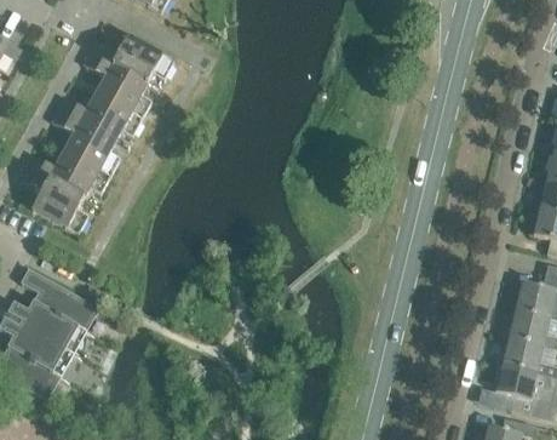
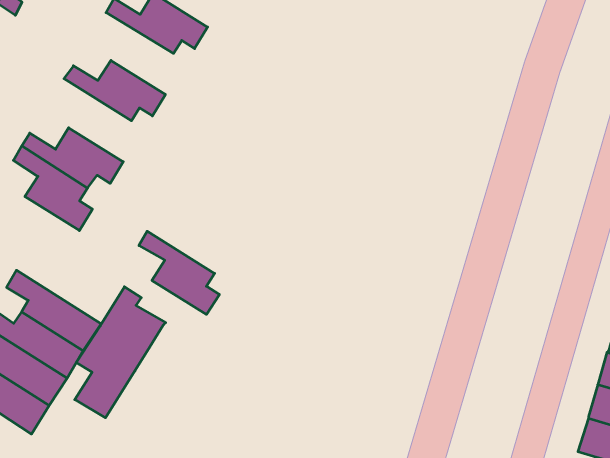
building: [84,53,151,118] -> none
building: [52,109,120,175] -> [139,231,219,314]
building: none -> [75,287,166,418]

